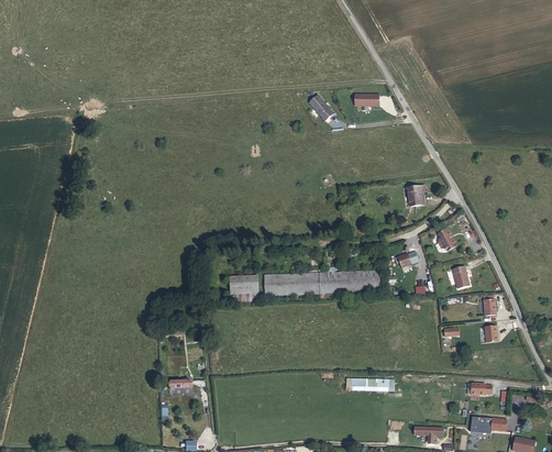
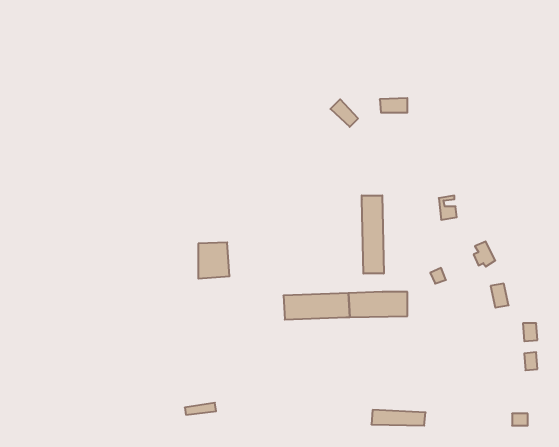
building: none -> [362,195,384,274]
building: [228,275,256,308] -> [198,242,230,279]

